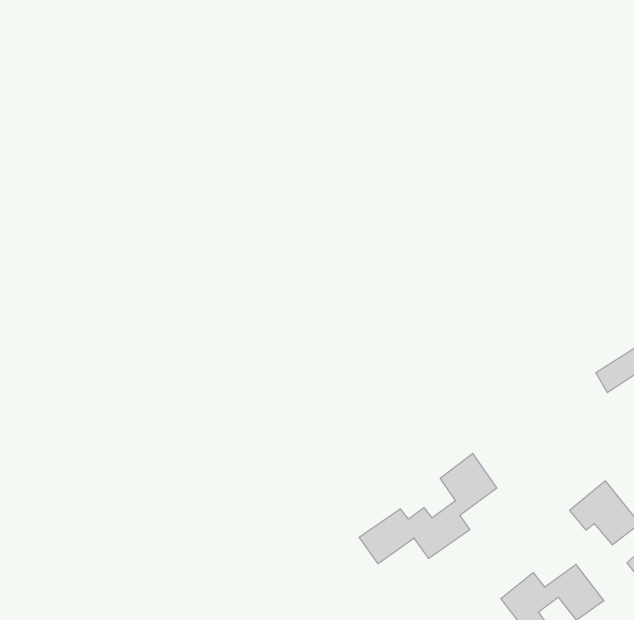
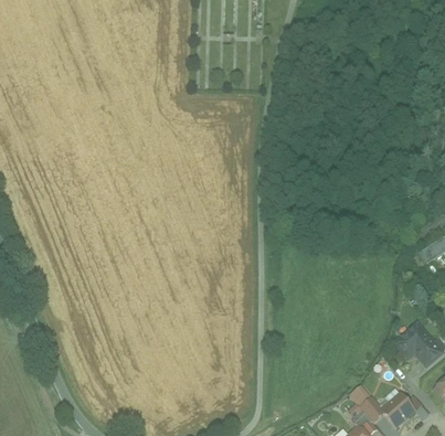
building: [359,453,497,564] -> none

